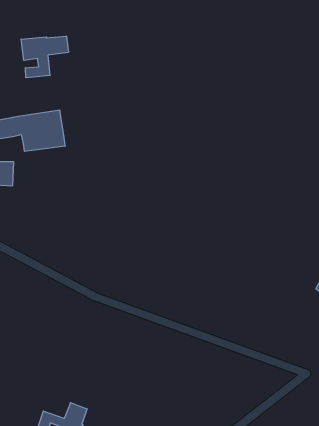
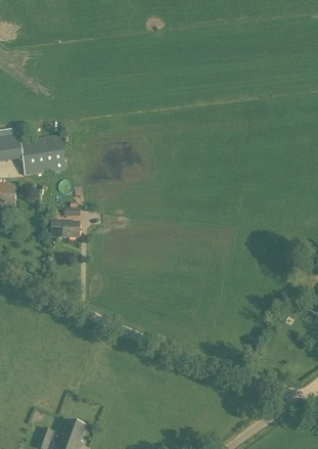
building: [21,36,68,78] -> none
building: none -> [50,220,79,236]

